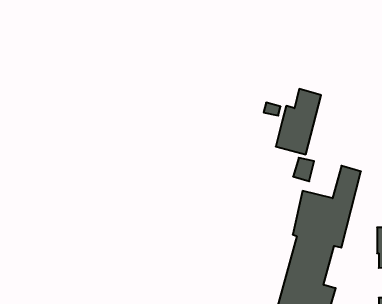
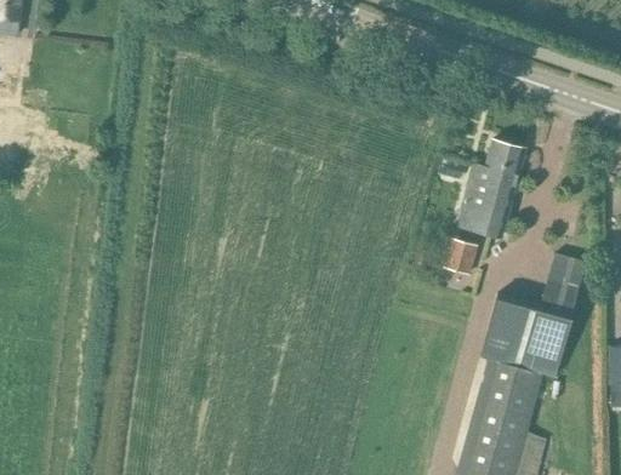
building: [293,158,314,181] -> [444,240,475,275]

